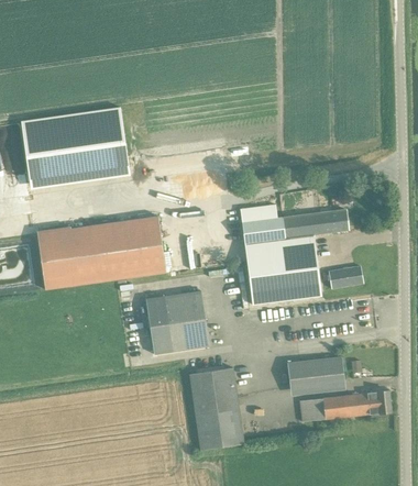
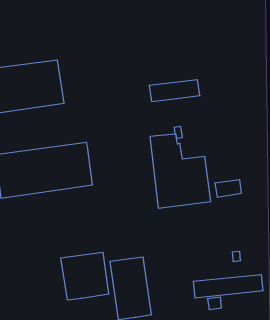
building: [280,210,348,239] -> [149,80,200,101]
building: [144,291,208,354] -> [61,252,109,300]
building: [286,357,343,387] -> none

